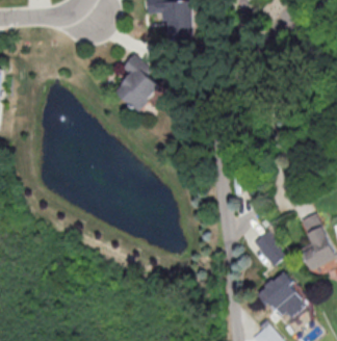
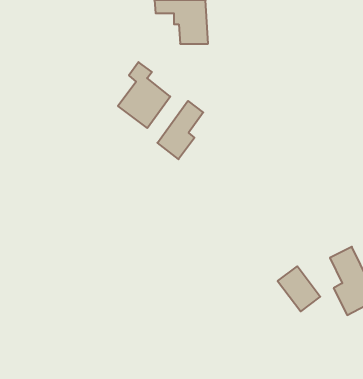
building: none -> [157,101,203,159]
building: [258,270,307,318] -> none

